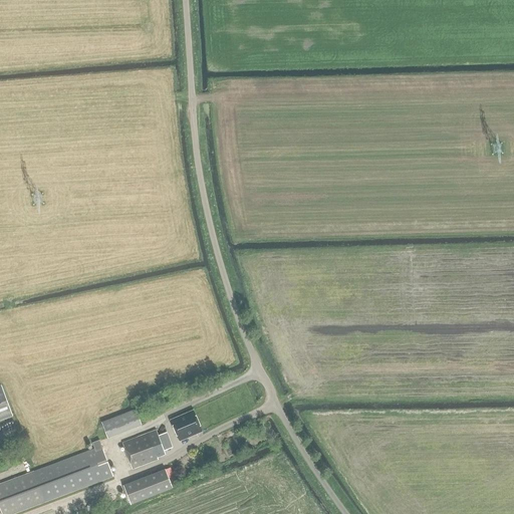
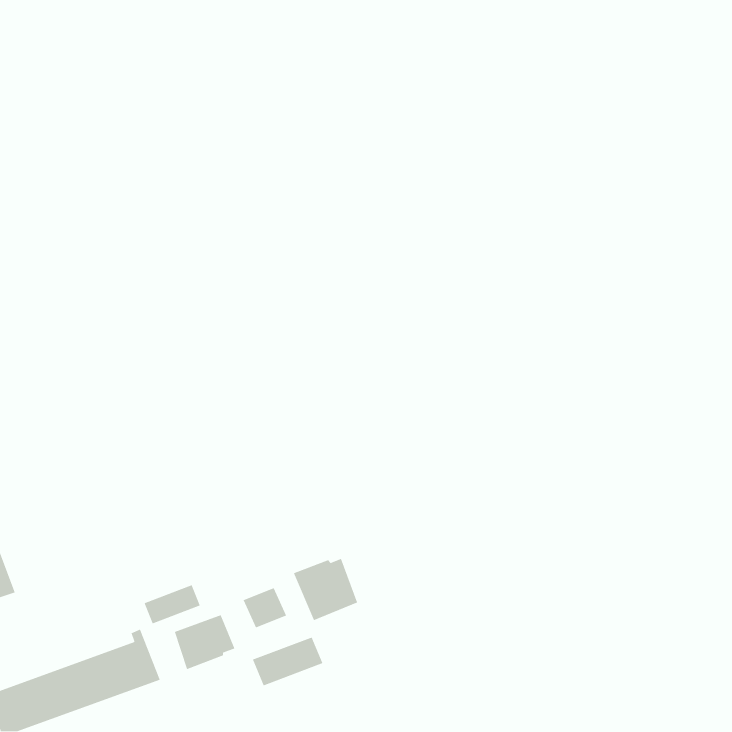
building: none -> [293,558,358,621]
building: [121,469,172,504] -> [252,636,324,687]

